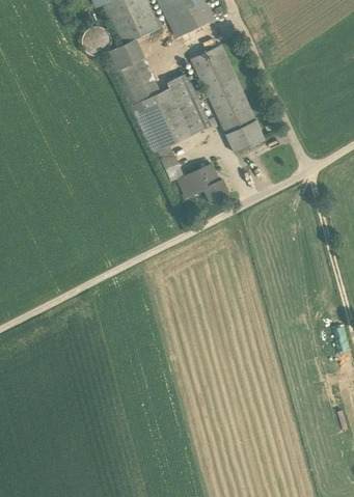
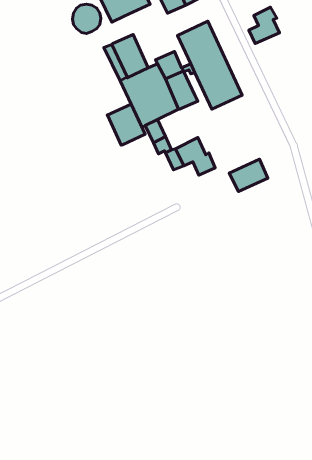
building: none -> [249,7,280,44]
building: [105,38,143,71] -> none
building: [224,119,264,153] -> [229,159,268,191]
building: none -> [107,104,145,145]

